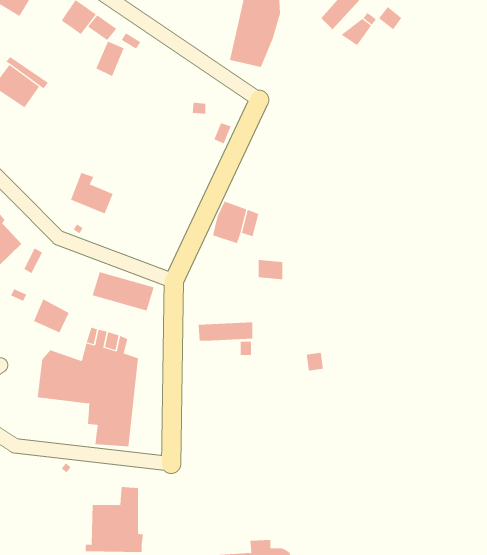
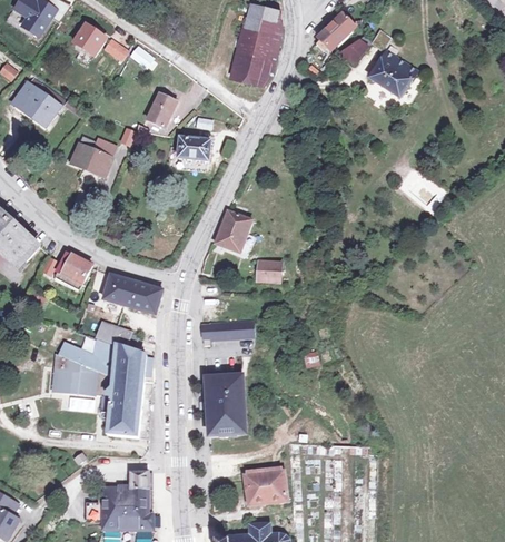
building: none -> [369,47,413,96]
building: [96,41,124,77] -> [147,93,174,127]
building: none -> [177,136,207,160]
building: [70,172,113,214] -> [72,136,112,175]
building: [33,298,69,333] -> [56,252,89,284]
building: none -> [205,374,246,436]
building: none -> [245,469,286,503]

